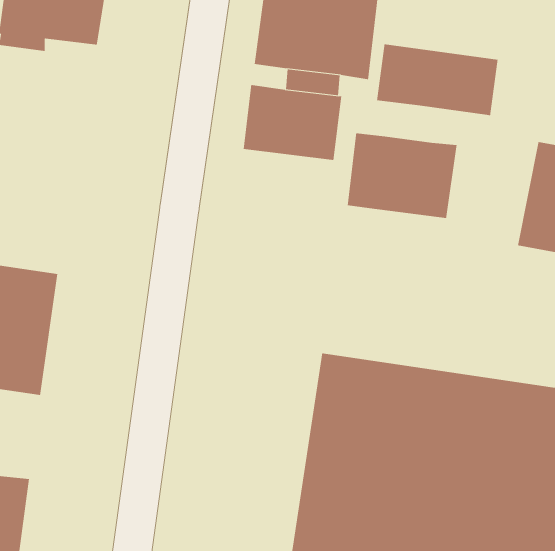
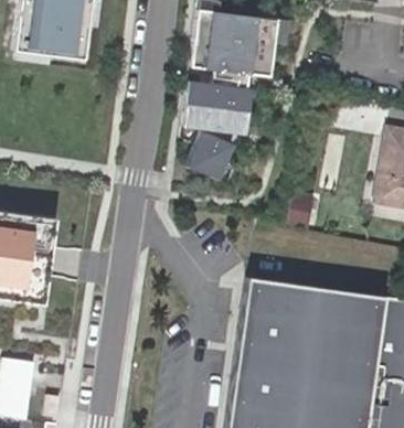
building: [376,44,498,116] -> none
building: [347,132,457,219] -> none
building: none -> [182,136,232,185]

